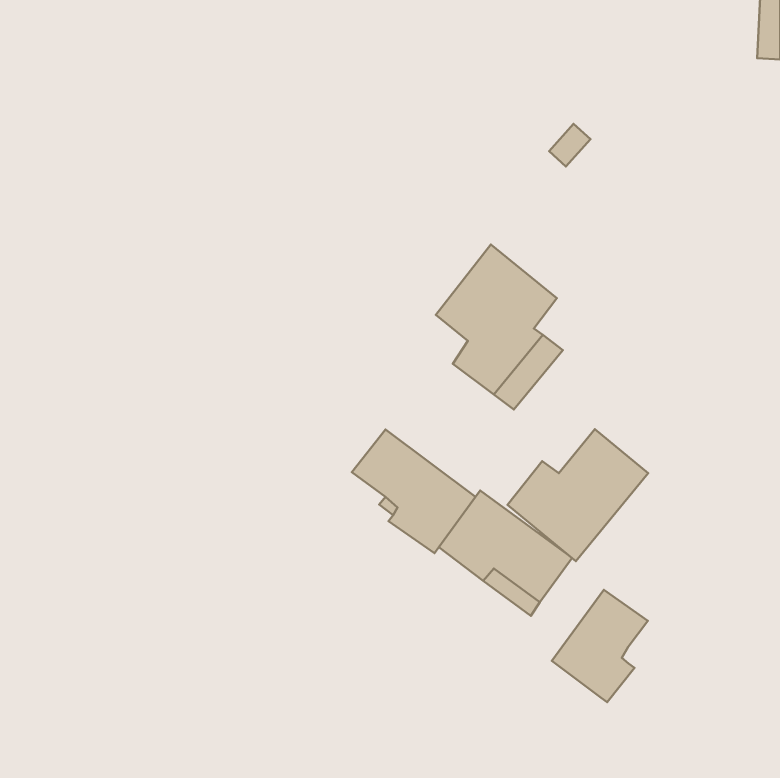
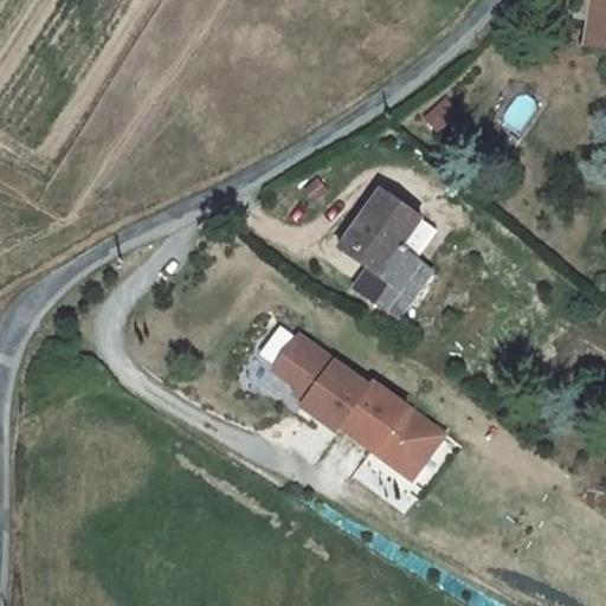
building: [508,429,648,561] -> none
building: [552,590,648,702] -> none

